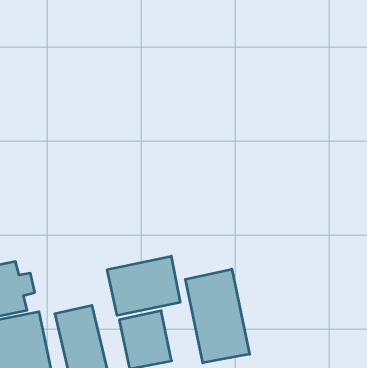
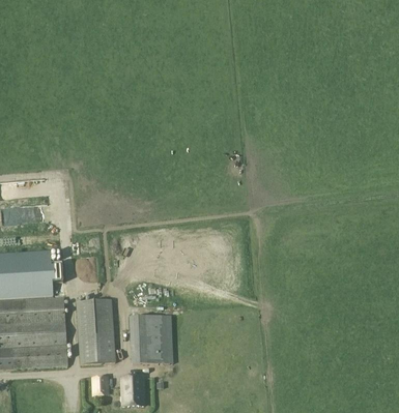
building: [107,256,180,315] -> none
building: [185,269,250,363] -> none

